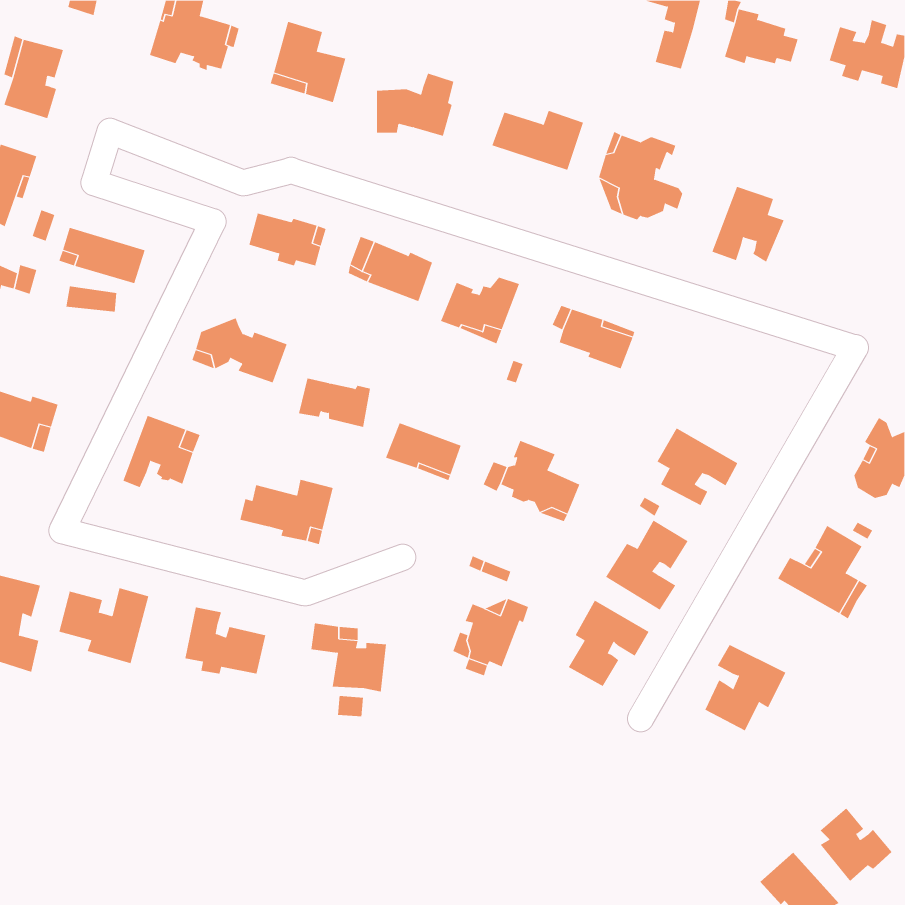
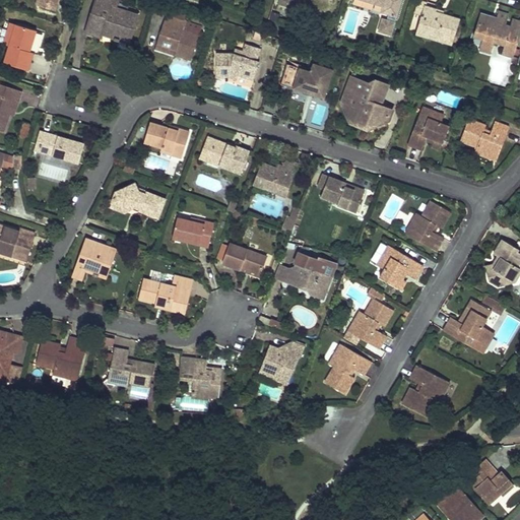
building: none -> [459,118,509,160]
building: none -> [405,201,451,251]

